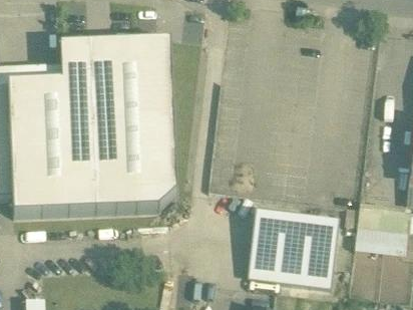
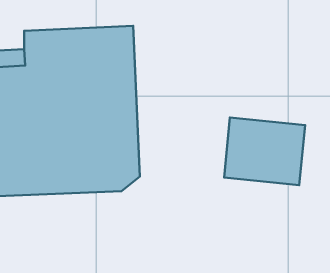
building: [248,213,332,283] -> [224,117,305,185]

